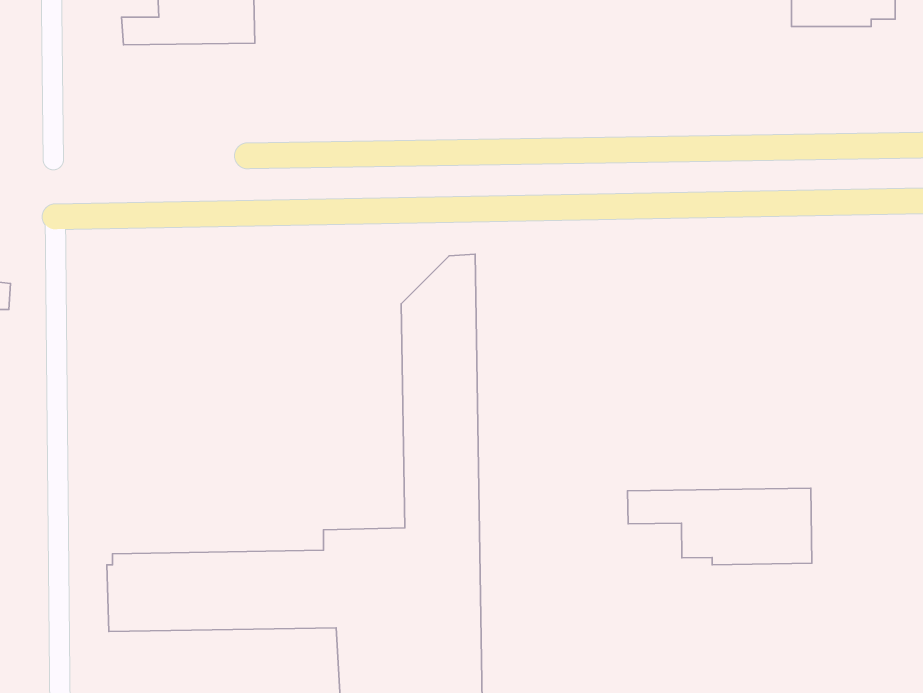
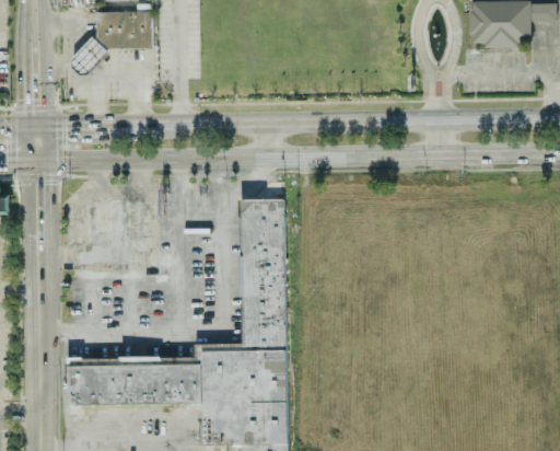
building: [628,488,812,565] -> none

